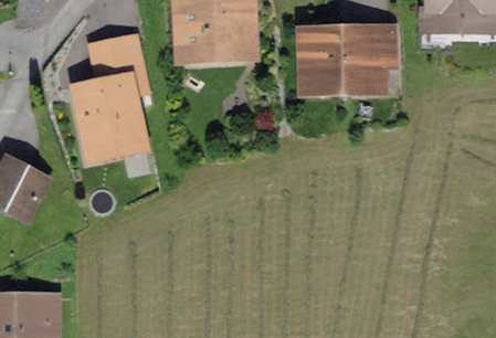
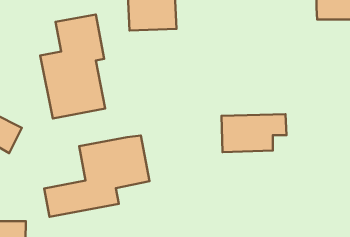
building: [306,30,391,80] -> [222,114,286,152]
building: none -> [44,135,149,217]

